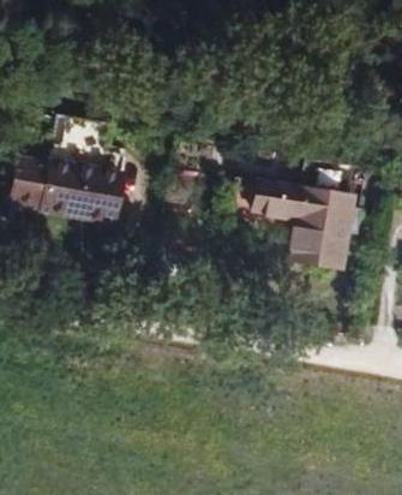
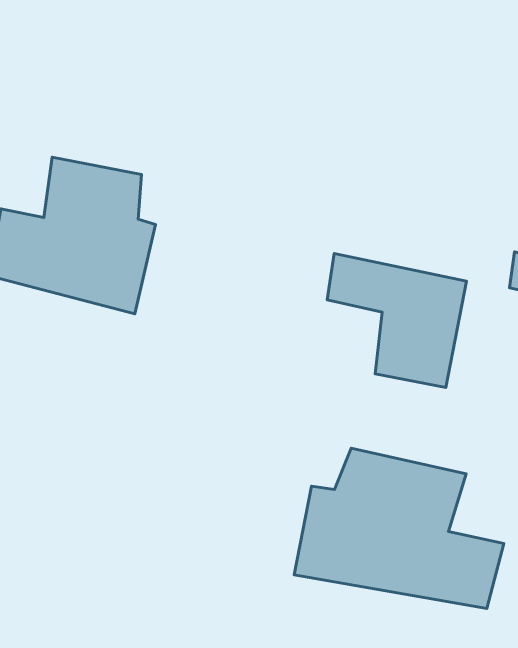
building: none -> [294,448,504,609]

